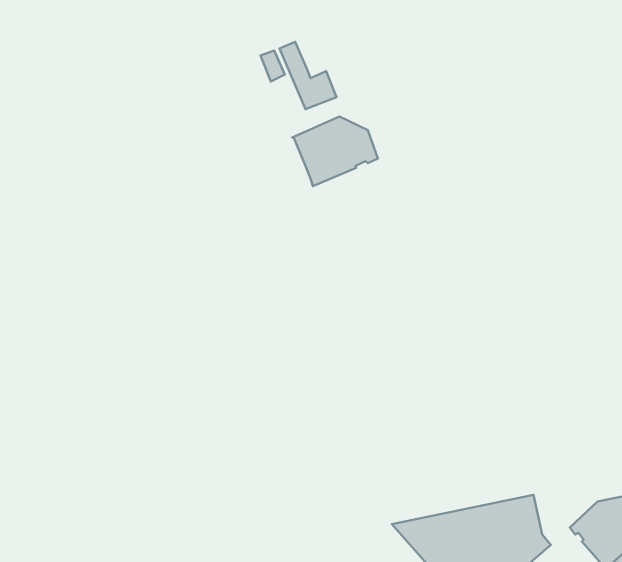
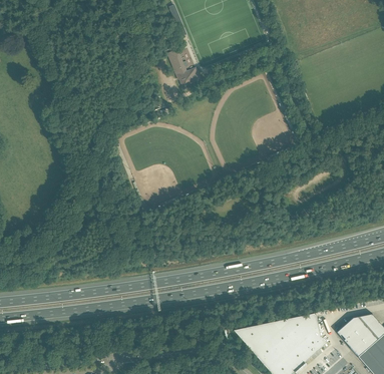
building: [292,117,378,186] -> none

